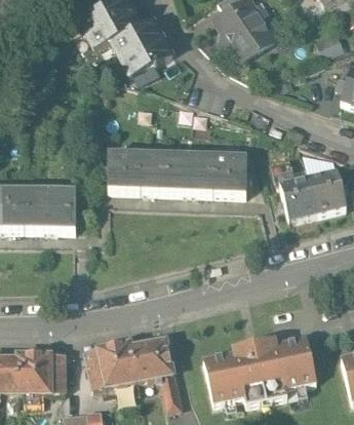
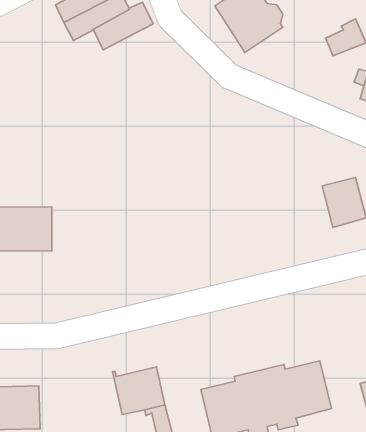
building: [119,38,172,79] -> none
building: [109,158,245,196] -> none
building: [271,162,317,221] -> none
building: [84,338,135,384] -> none

